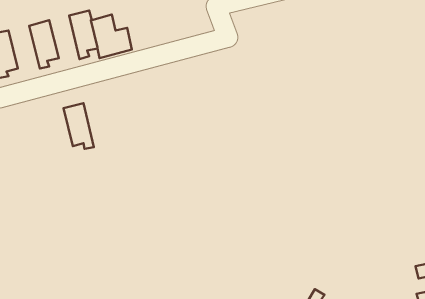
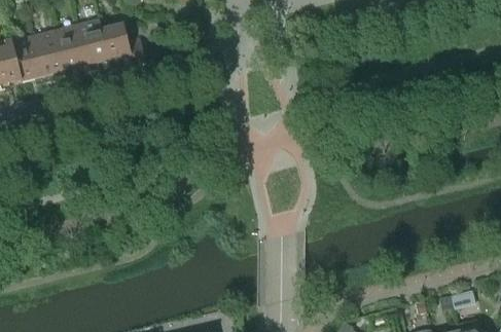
building: none -> [10,34,44,82]
building: [63,103,94,149] -> [55,23,87,72]

